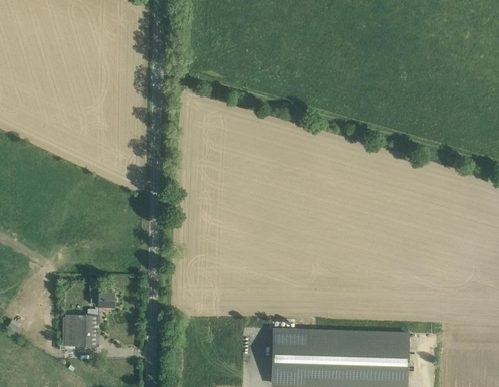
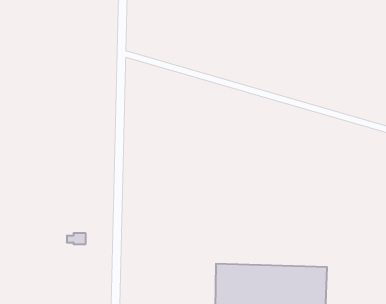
building: [65,315,99,347] -> none

